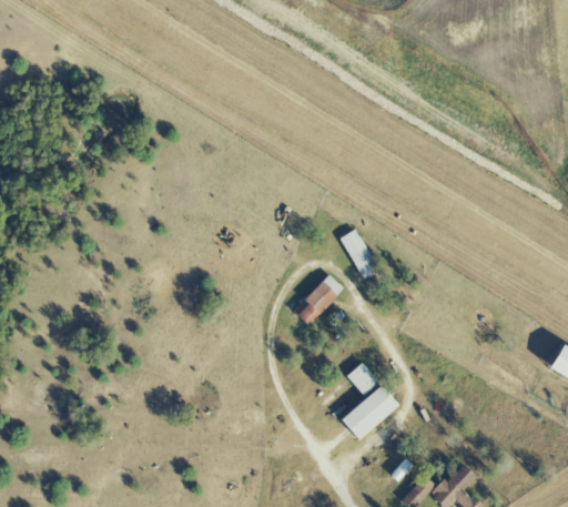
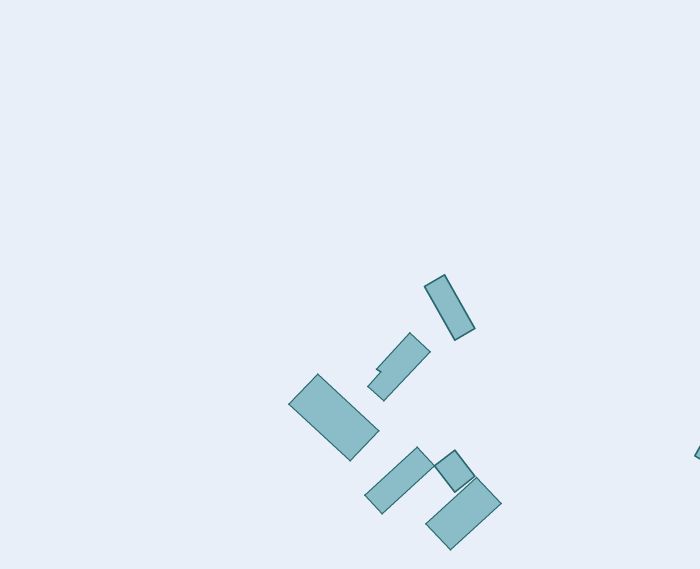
building: none -> [289,374,379,461]
building: none -> [365,447,434,514]

